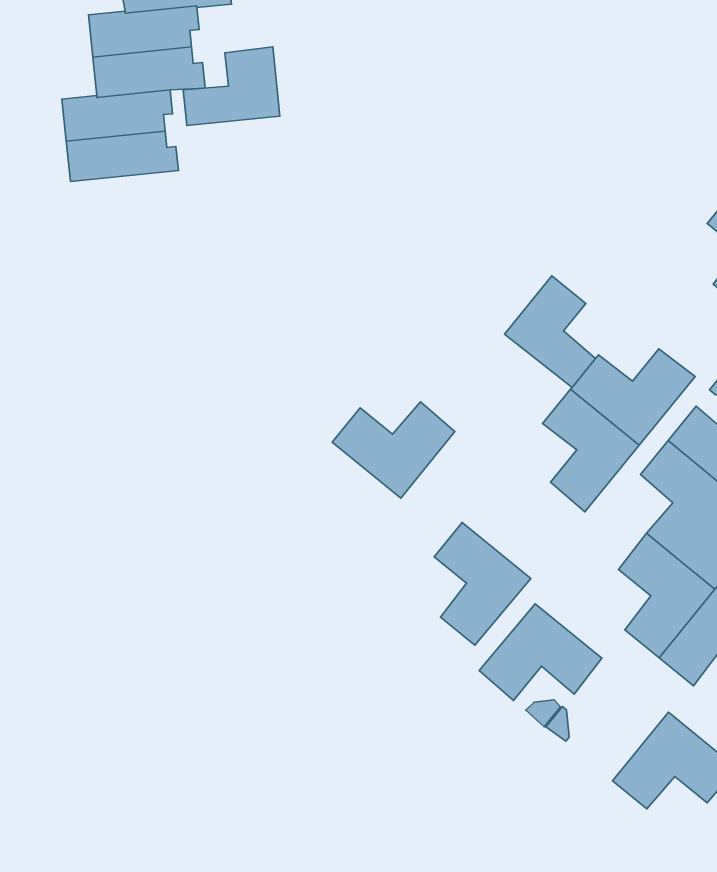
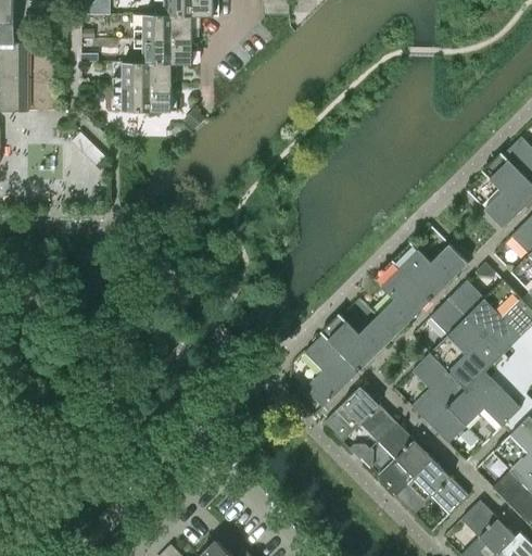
building: [183,47,280,126] -> none
building: [505,276,596,388] -> none
building: [332,402,455,498] -> [322,316,395,371]
building: none -> [377,422,432,495]

